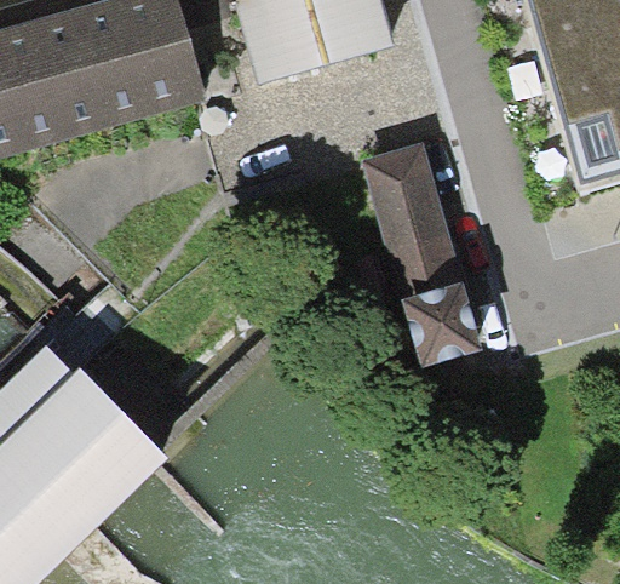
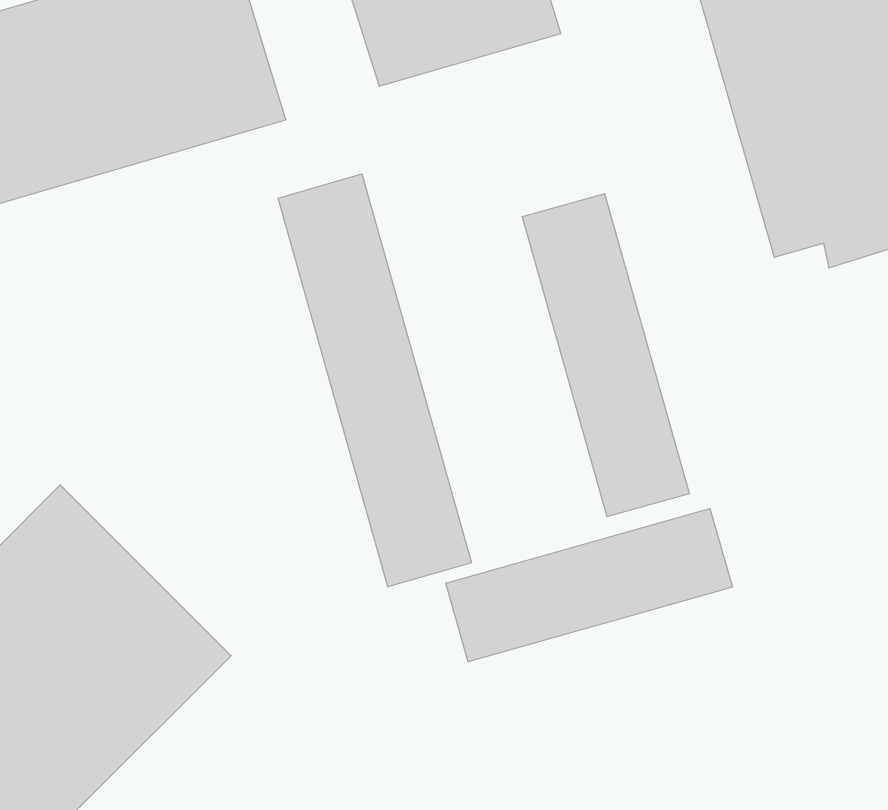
building: none -> [278,174,472,587]
building: none -> [446,509,733,662]

